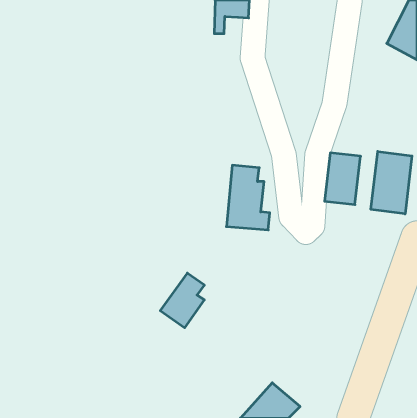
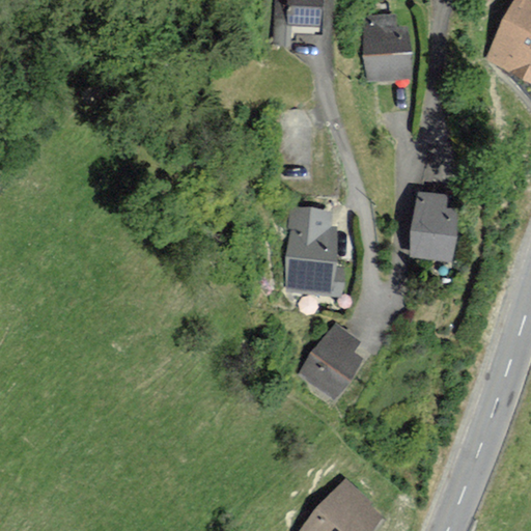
building: none -> [364,15,407,77]
building: [371,151,412,214] -> none
building: [160,273,204,328] -> [302,326,358,395]

